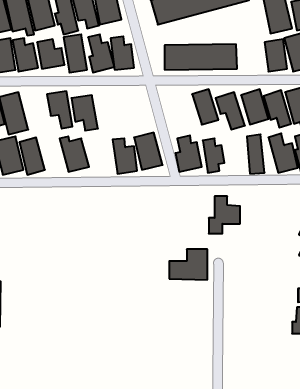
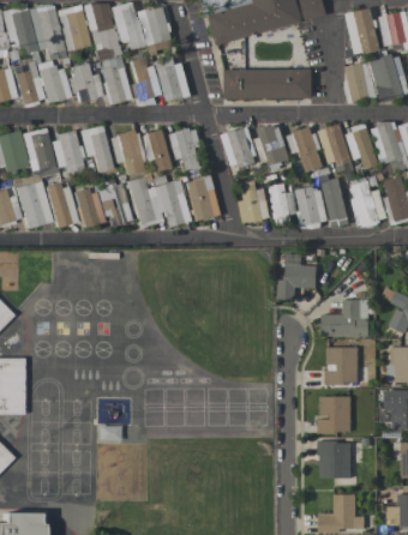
building: none -> [222,127,257,169]
building: none -> [170,128,203,170]
building: none -> [142,130,173,172]
building: none -> [50,131,85,176]
building: none -> [130,176,163,228]
building: none -> [74,187,104,227]
building: none -> [298,187,326,224]
building: [169,249,207,280] -> [322,300,368,337]
building: none -> [325,347,358,384]
building: none -> [318,396,352,434]
building: none -> [319,441,352,479]

